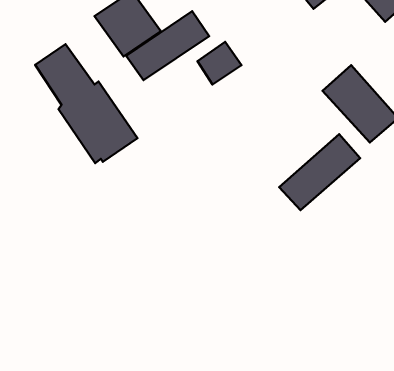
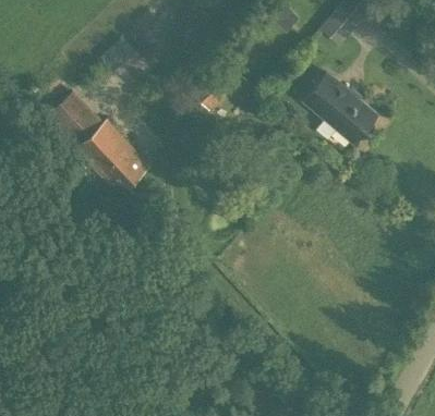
building: [126,11,209,80] -> none
building: [279,134,360,210] -> none

